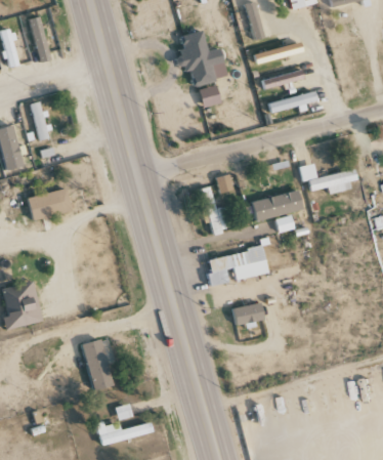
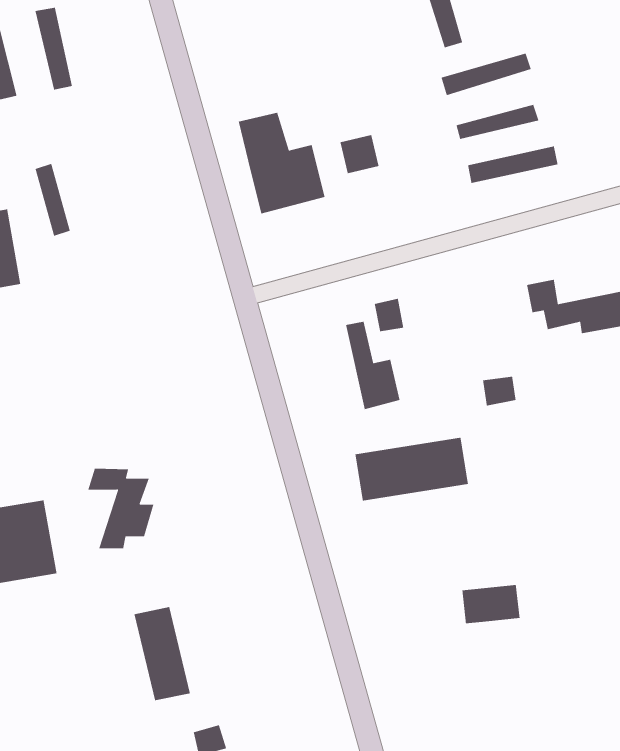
building: [177,31,224,86] -> [238,112,326,215]
building: [31,189,75,221] -> none
building: [248,191,300,221] -> none
building: none -> [87,468,154,549]
building: [229,304,261,326] -> [461,584,520,624]

